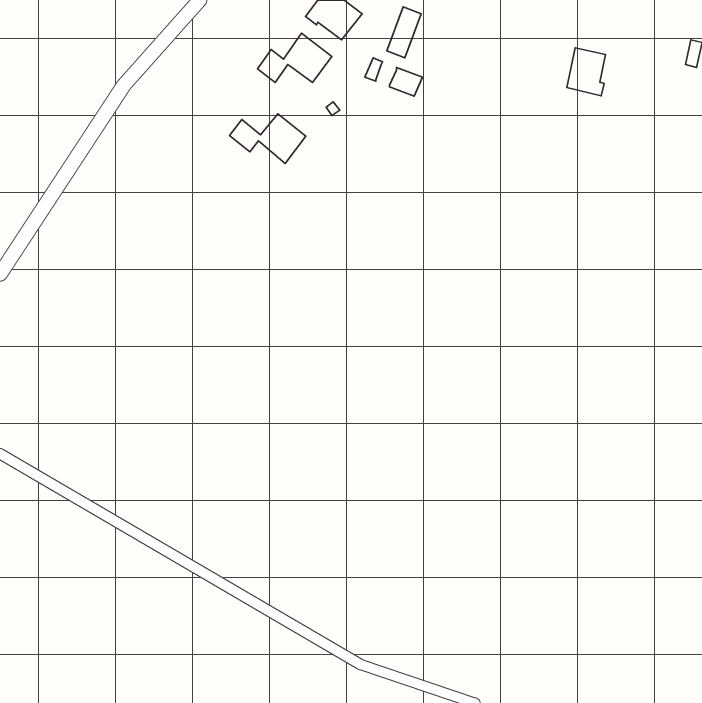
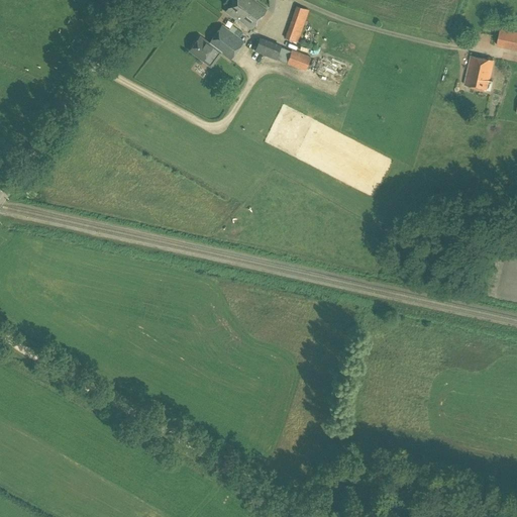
building: [567,48,605,96] -> [466,56,494,91]
building: [230,114,306,163] -> none

